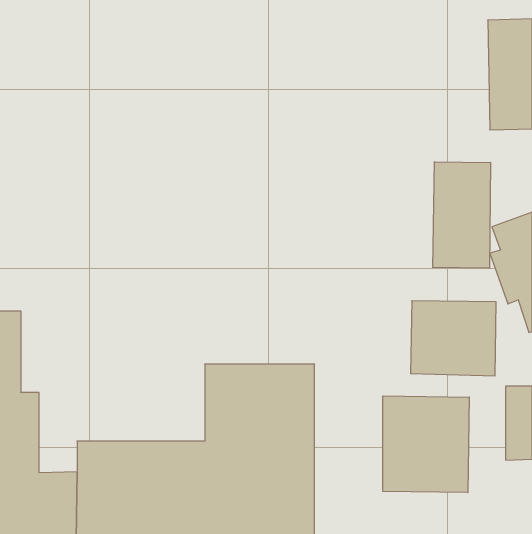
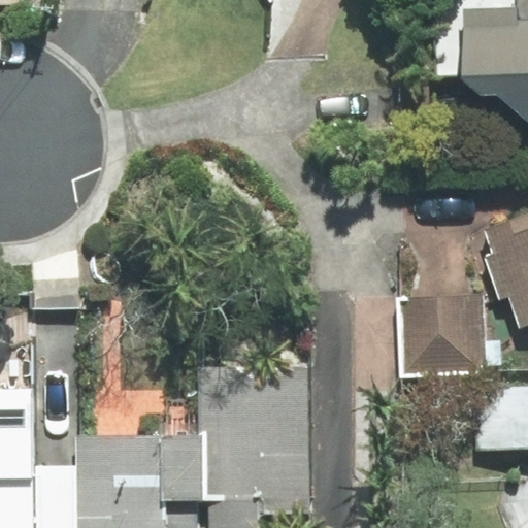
building: [433,162,490,268] -> none
building: [383,396,469,493] -> none

